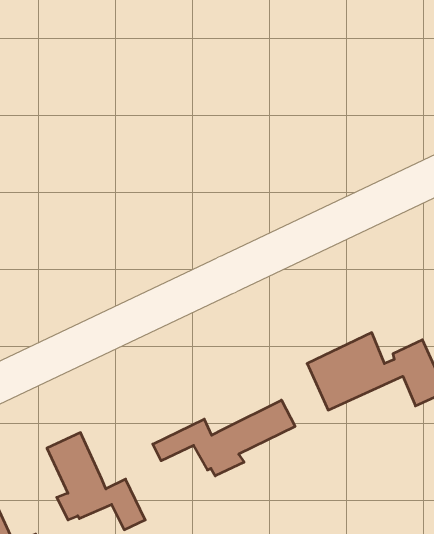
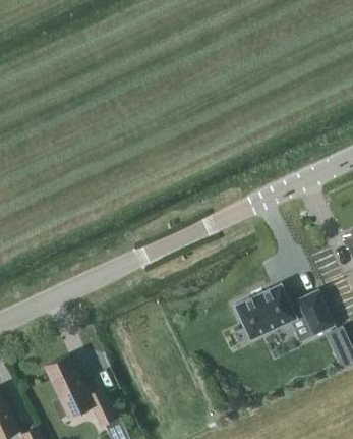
building: [153,400,295,476] -> none

